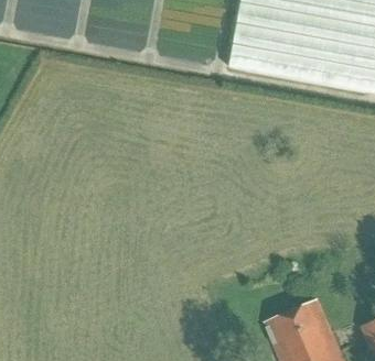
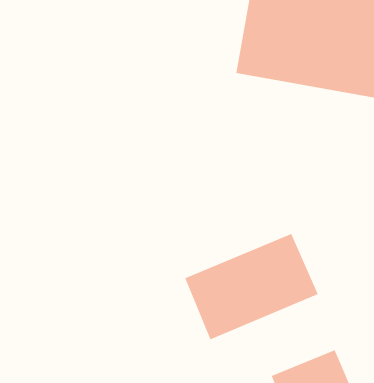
building: none -> [184,233,319,340]

